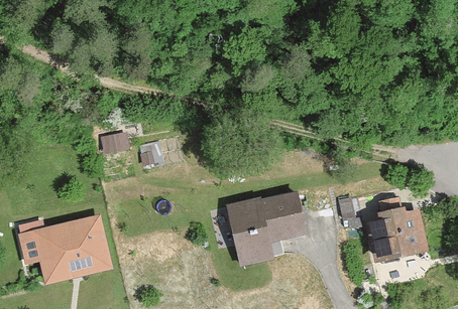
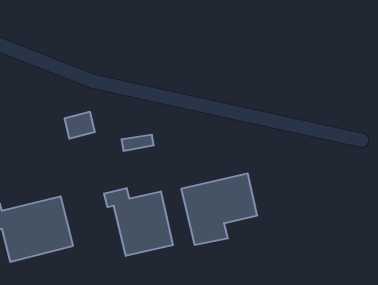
building: [365,196,429,263] -> none
building: none -> [104,188,173,256]

